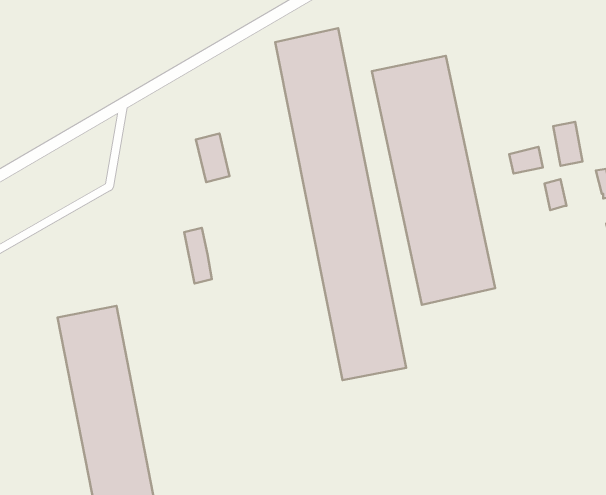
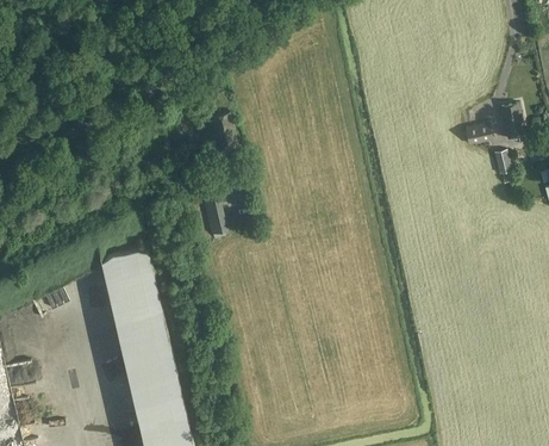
building: [275,28,406,380] -> none
building: [372,56,495,305] -> none

